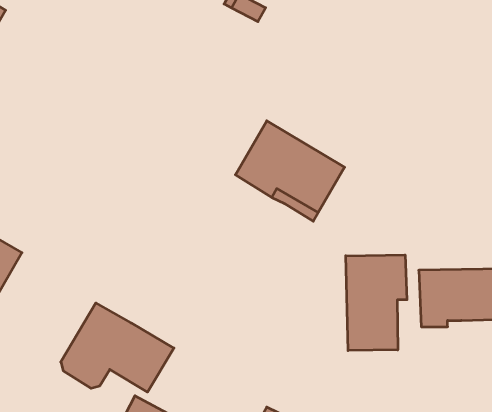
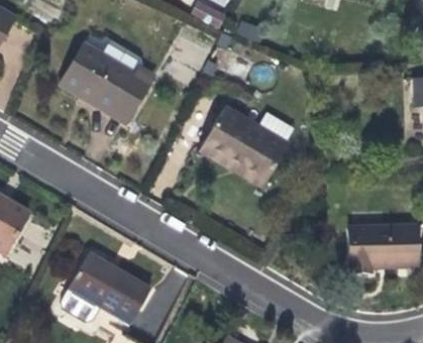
building: none -> [61,42,154,120]
building: [346,255,407,351] -> none

